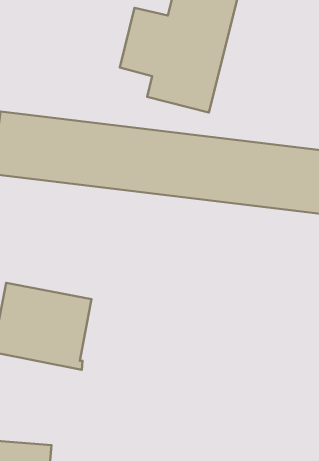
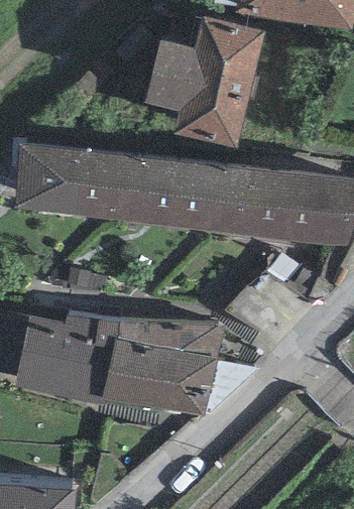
building: none -> [104,340,219,421]

